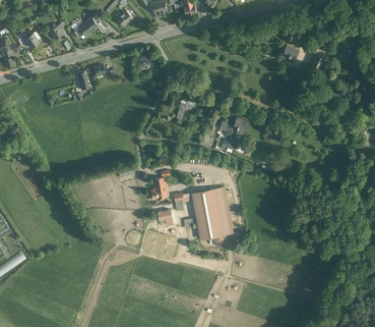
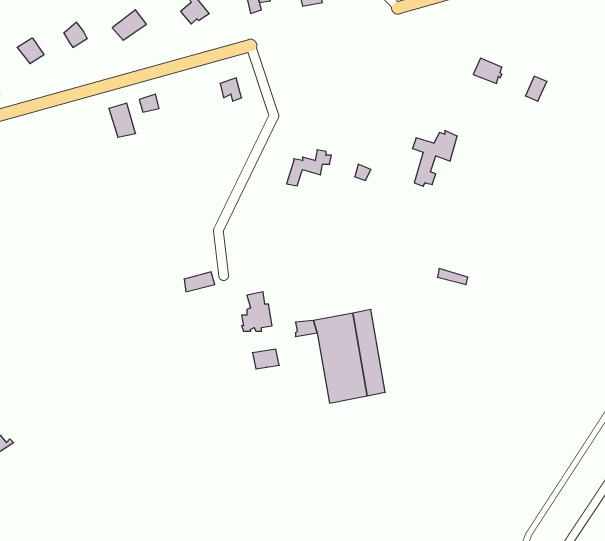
building: [221,117,246,149] -> [412,131,457,186]

